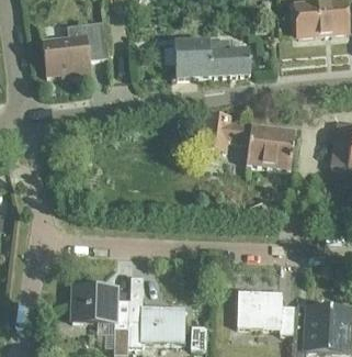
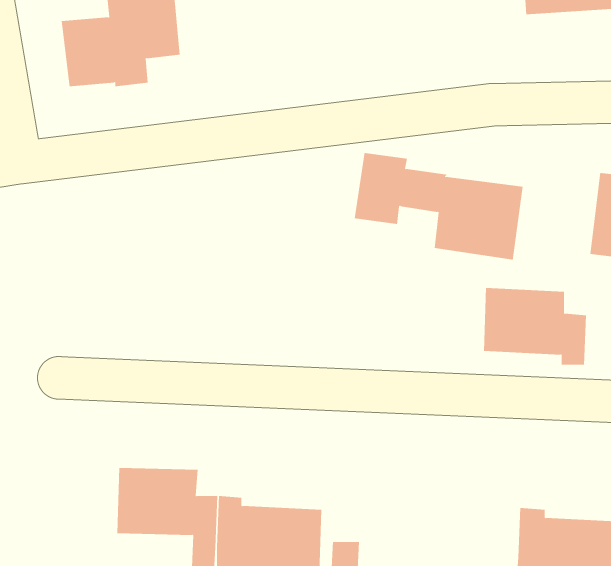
building: [162,40,250,78] -> none
building: [237,292,294,335] -> [483,287,587,365]

